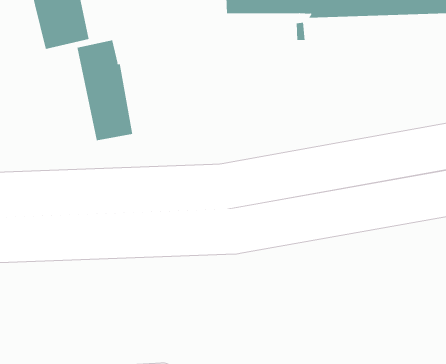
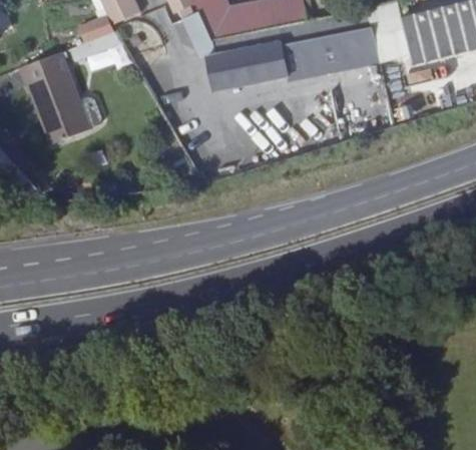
building: [77,40,133,141] -> none

